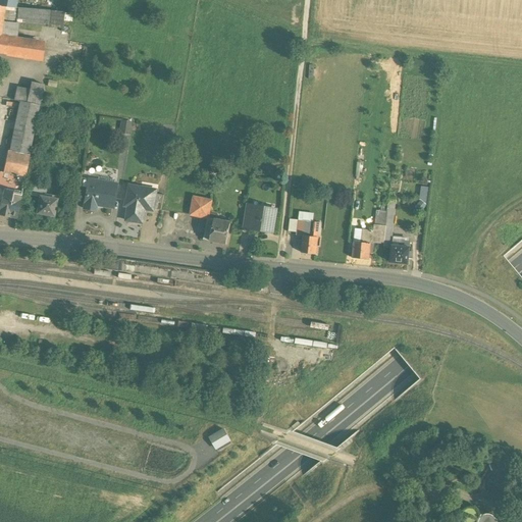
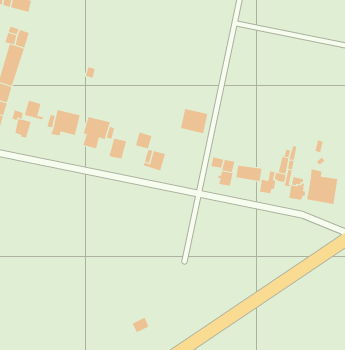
building: none -> [24,100,44,120]
building: [243,203,276,232] -> [180,108,208,134]
building: none -> [109,138,127,159]
building: none -> [307,168,338,205]
building: none -> [236,165,262,182]

